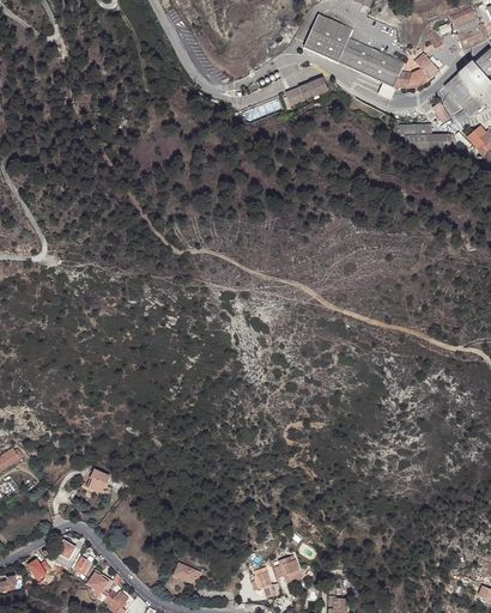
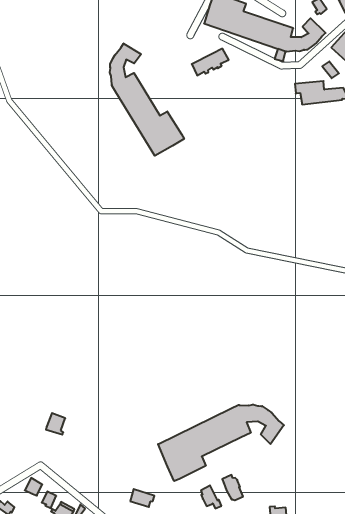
building: none -> [110,43,184,156]
building: none -> [158,404,284,481]

